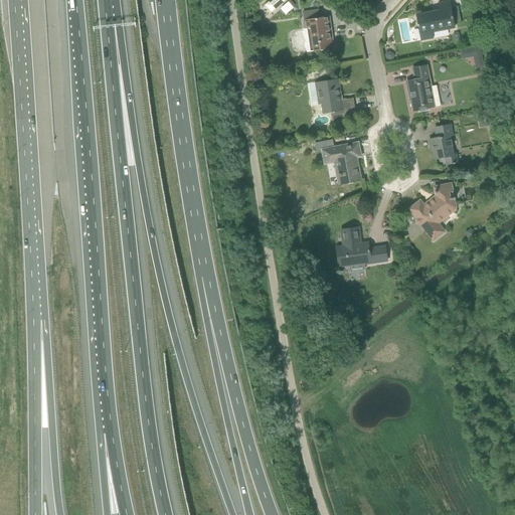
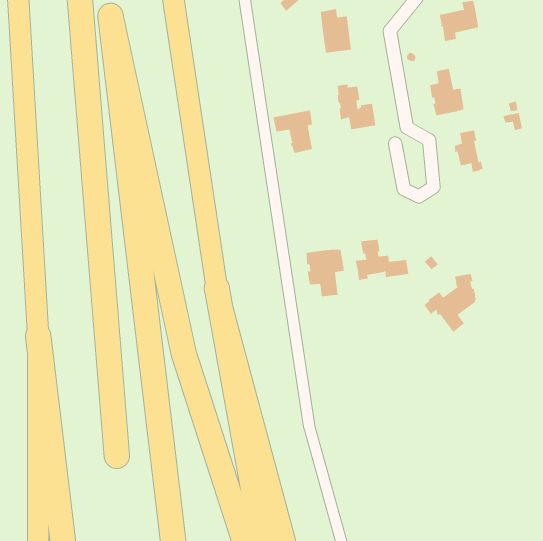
building: [322,141,360,182] -> [272,110,313,153]
building: [405,182,456,238] -> [423,273,477,333]
building: none -> [306,249,344,297]

